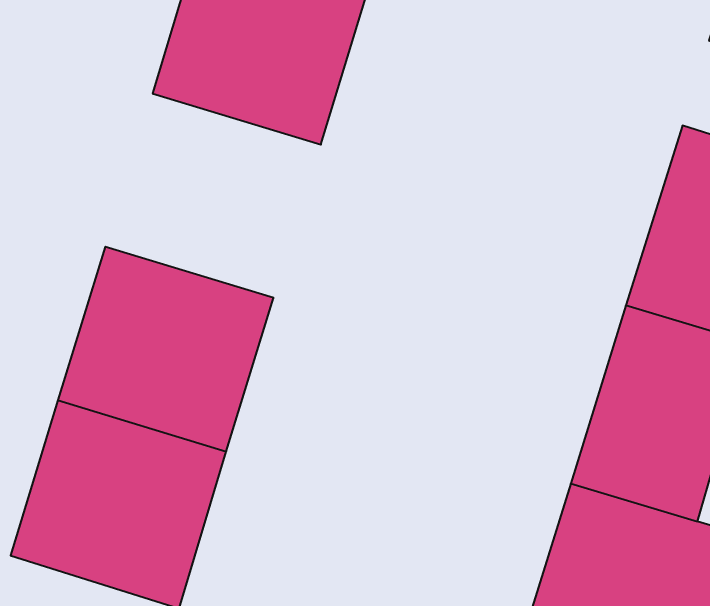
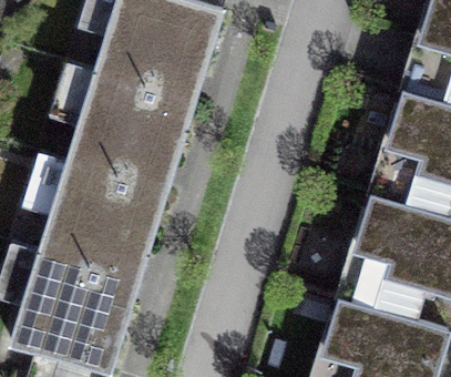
building: none -> [68,71,194,191]

